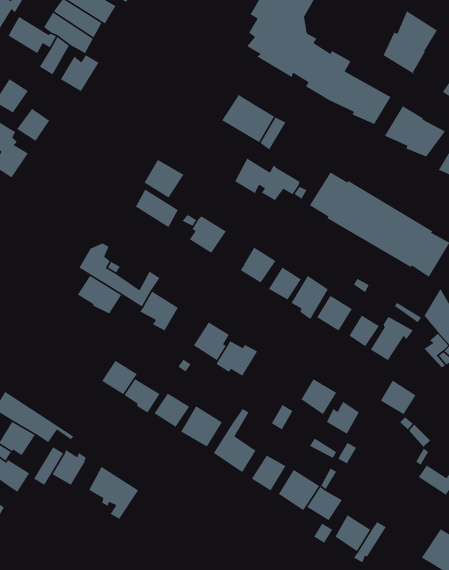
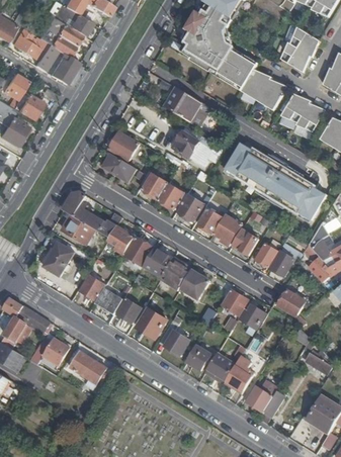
building: none -> [157,184,186,210]
building: none -> [123,238,153,267]
building: none -> [41,243,72,276]
building: none -> [180,271,207,299]

